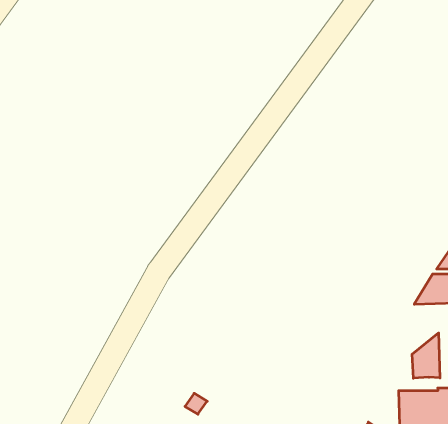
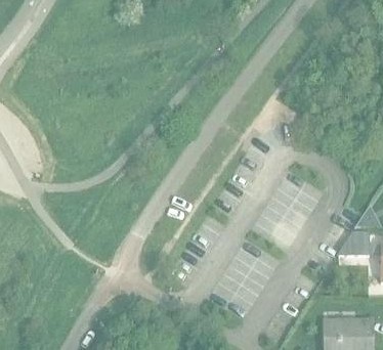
building: [412,333,440,378] -> none

